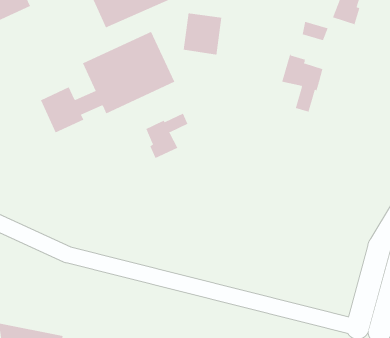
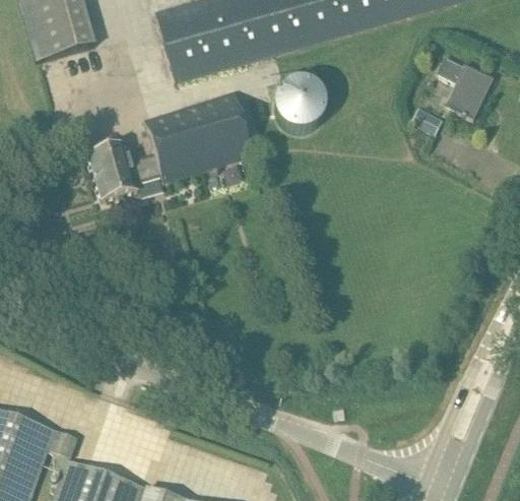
building: [282,53,324,113] -> none
building: [141,113,188,159] -> none

